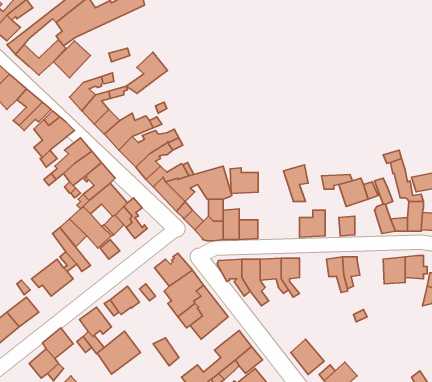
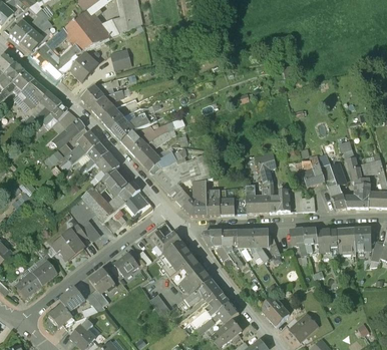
building: [126,52,168,94] -> none
building: [230,168,258,193] -> [246,192,269,213]
building: none -> [316,229,338,255]
building: none -> [183,277,220,306]
building: [97,331,140,374] -> none

